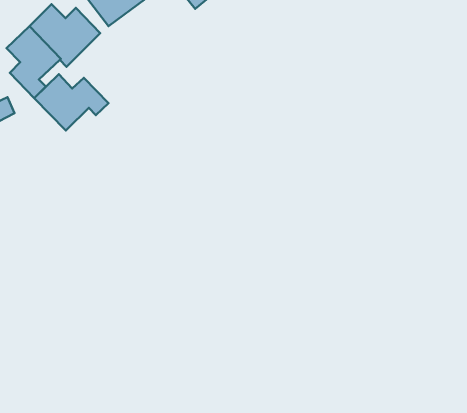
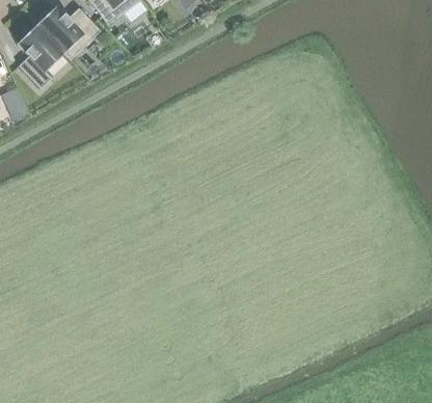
building: [34,74,109,131] -> none

